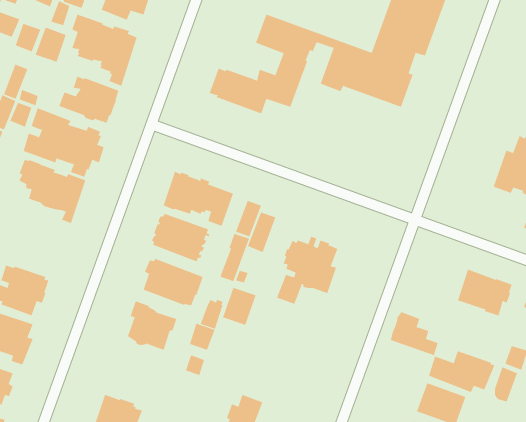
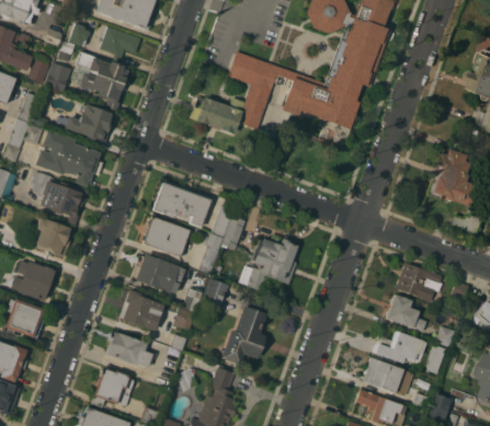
building: none -> [35,218,71,257]
building: [390,311,439,356] -> [386,295,426,332]
building: none -> [221,307,266,365]
building: none -> [104,331,152,368]

